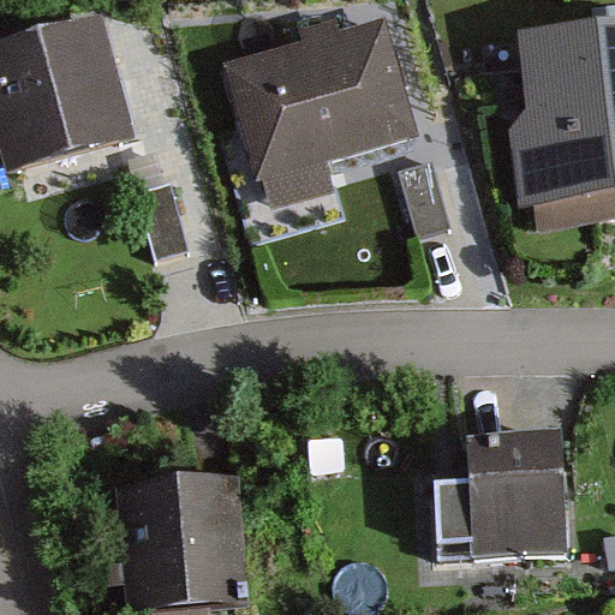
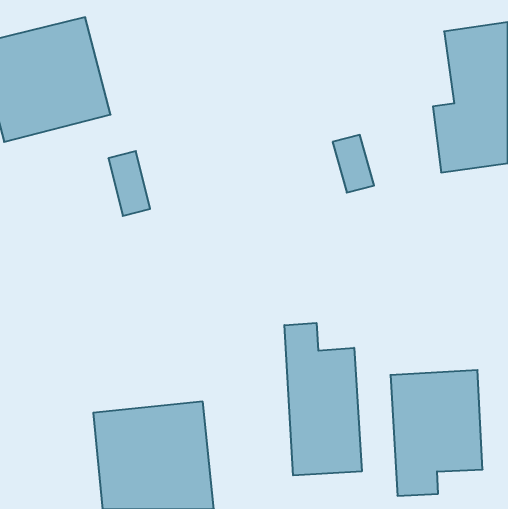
building: [221,13,419,210] -> none
building: none -> [284,323,362,475]

